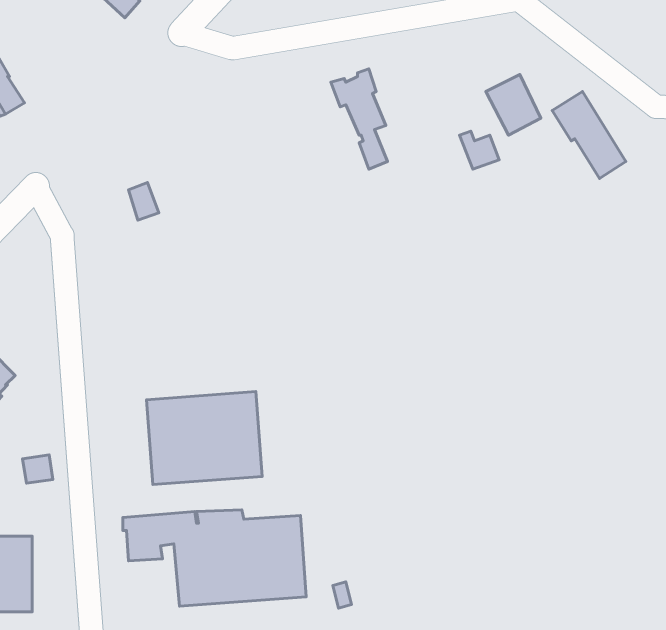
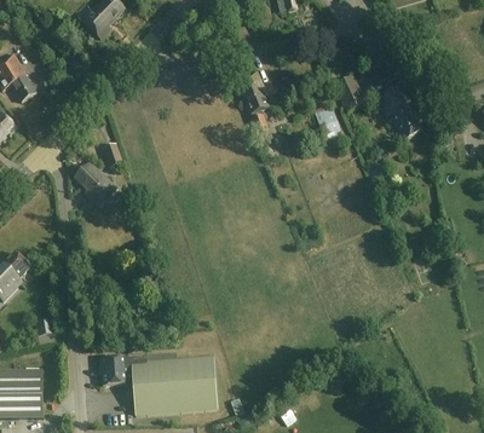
building: none -> [74,162,116,207]
building: [146,392,262,485] -> none

